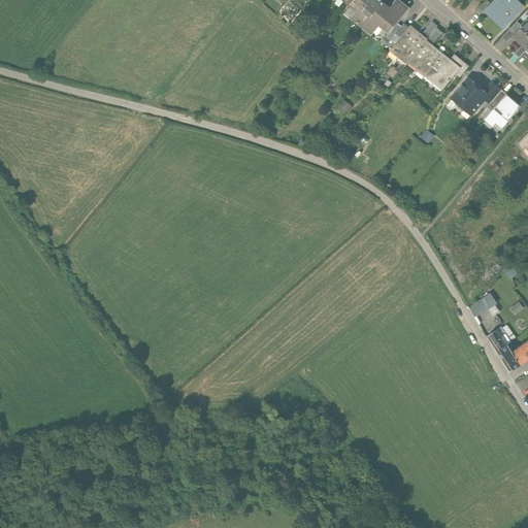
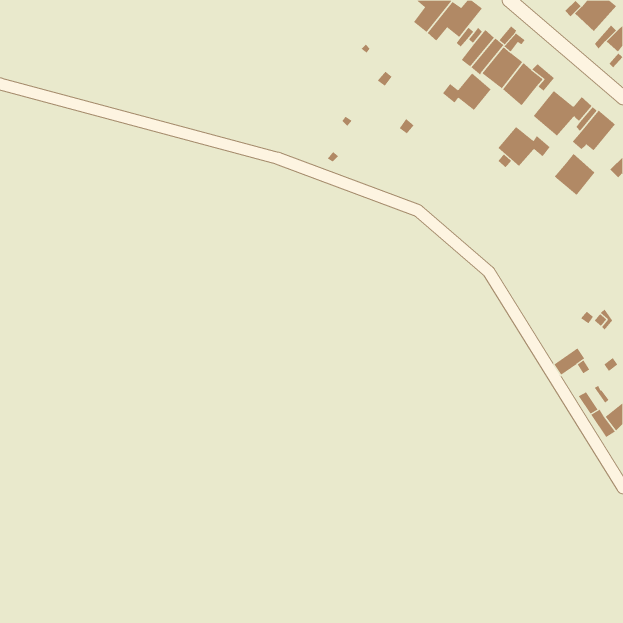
building: none -> [442,73,492,111]
building: none -> [498,126,551,167]
building: none -> [554,153,595,196]

